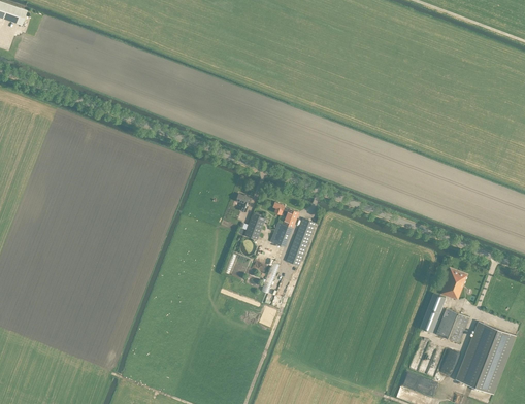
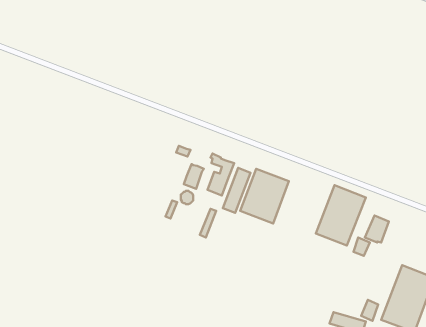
building: none -> [240,169,289,223]
building: none -> [316,185,366,245]
building: [434,308,468,343] -> none

